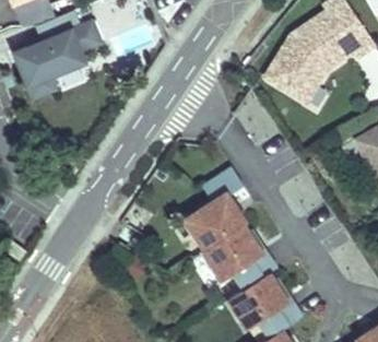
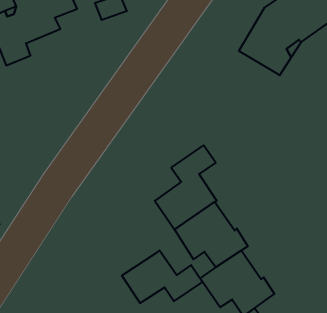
building: none -> [122,250,203,303]

